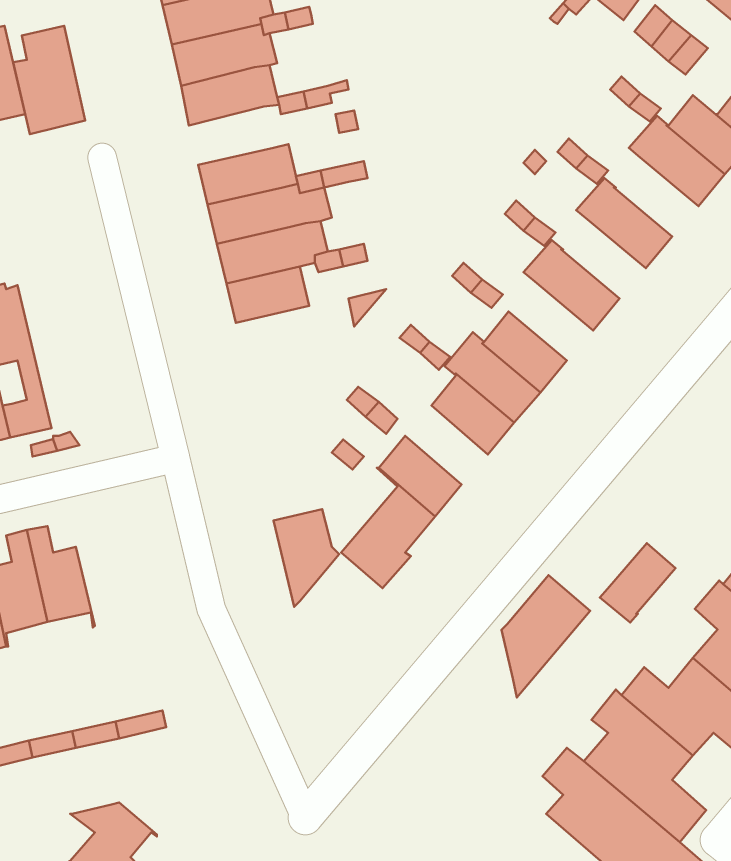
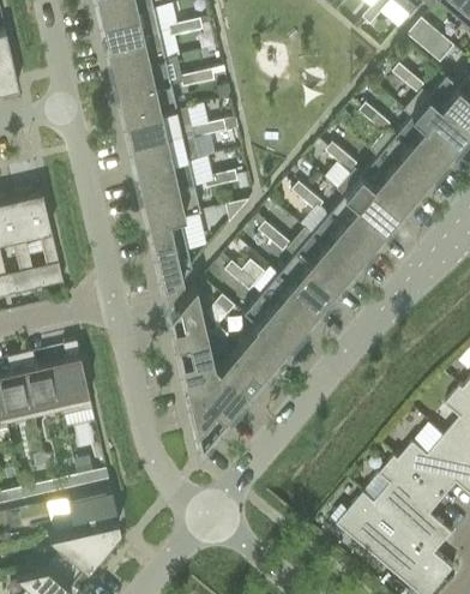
building: [13,26,85,134] -> none
building: none -> [123,84,177,121]
building: none -> [394,116,448,167]
building: none -> [361,156,415,206]
building: none -> [14,191,64,289]
building: none -> [327,196,381,246]
building: none -> [153,211,200,298]
building: none -> [261,275,314,325]
building: none -> [174,286,209,348]
building: none -> [52,341,92,415]
building: [600,543,676,623] -> none
building: [502,575,590,697] -> [191,368,247,446]
building: none -> [67,490,120,548]

